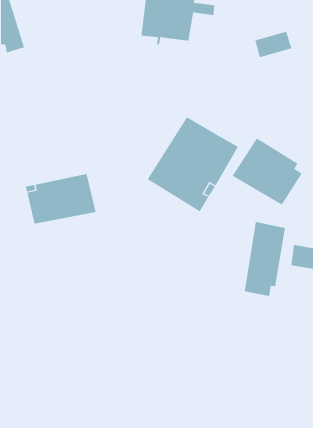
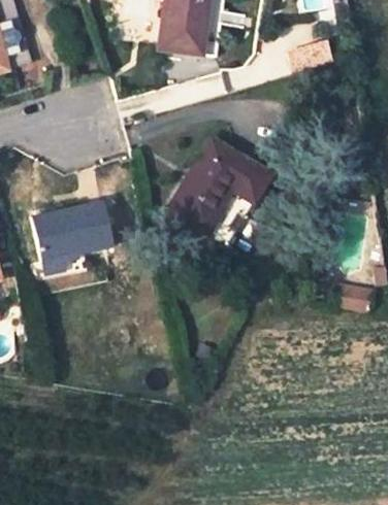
building: [232,137,302,205] -> none
building: [244,221,285,297] -> none

